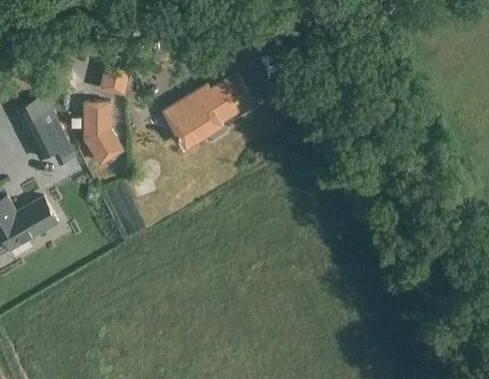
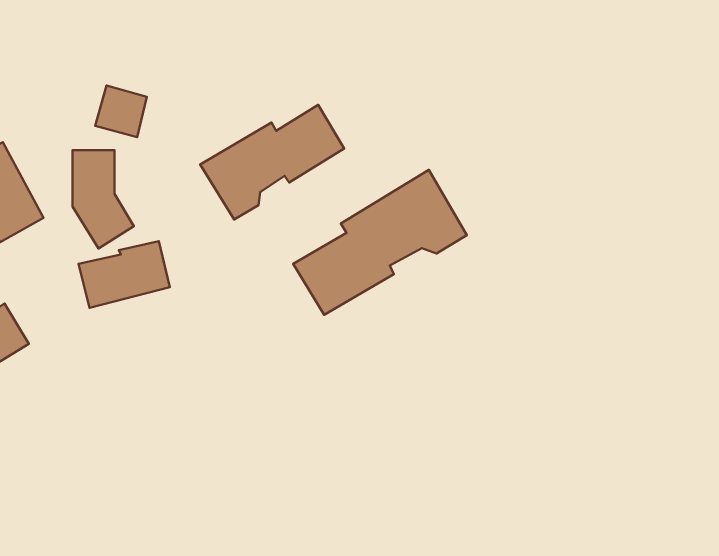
building: none -> [293,170,467,315]
building: none -> [78,241,170,308]

